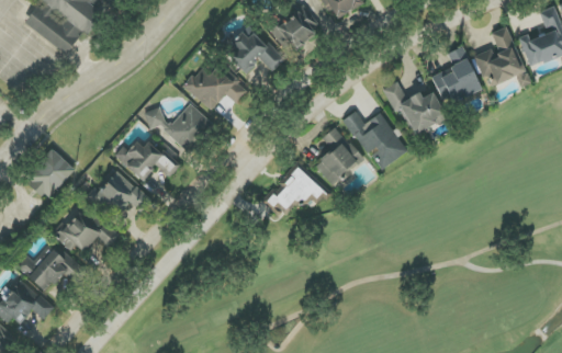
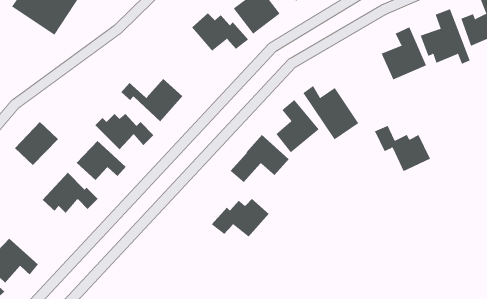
building: [183,64,248,111] -> none
building: [382,82,445,134] -> [374,125,431,172]
building: none -> [211,198,270,238]
building: [15,247,81,292] -> none

